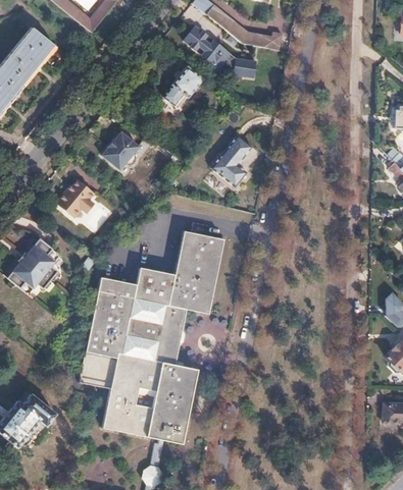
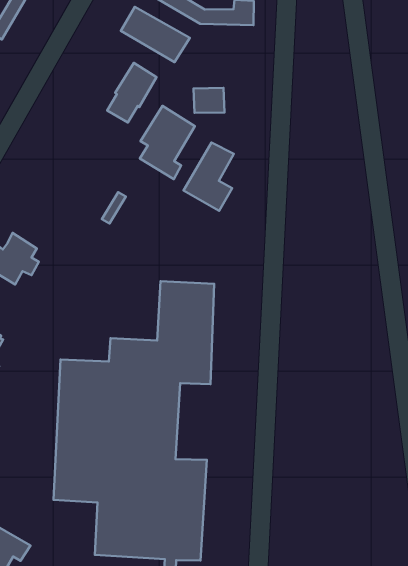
building: [233,56,257,77] -> [193,88,224,113]
building: none -> [140,106,195,179]
building: [103,129,140,167] -> none

